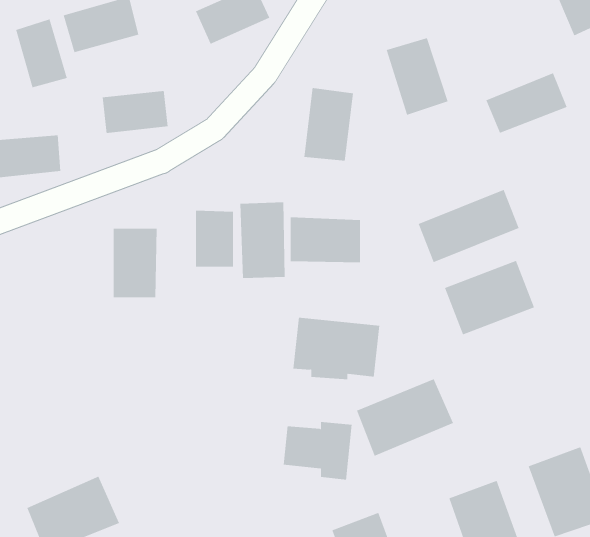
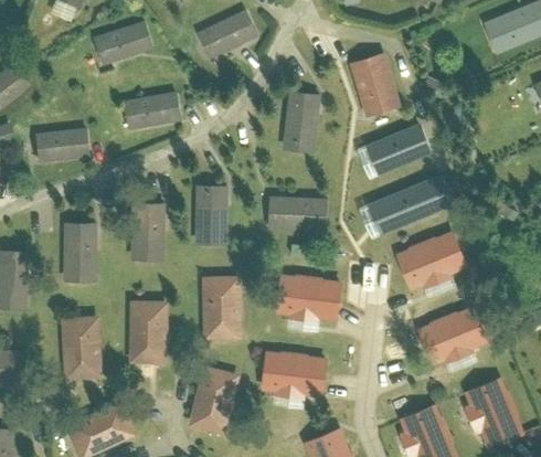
building: [16,19,67,88] -> none
building: [485,72,568,134] -> [365,125,431,173]
building: [239,202,285,279] -> [202,275,238,336]
building: none -> [63,223,96,281]
building: none -> [127,299,170,365]
building: none -> [55,310,98,373]
building: [356,378,454,456] -> [414,305,491,366]
building: none -> [191,369,237,432]

